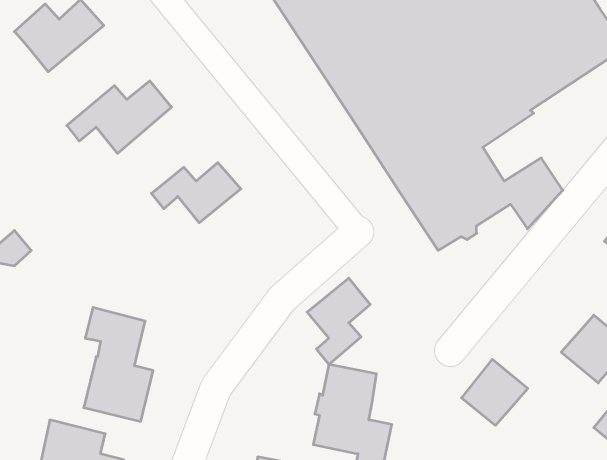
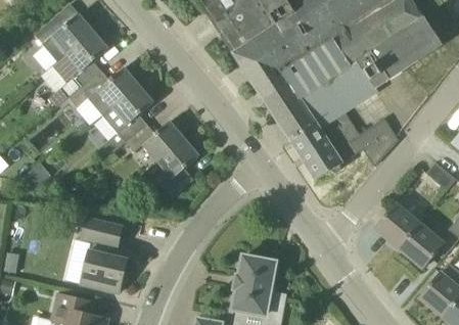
building: none -> [49,31,108,107]
building: none -> [103,85,154,142]
building: [307,278,370,364] -> [157,139,199,196]
building: [461,359,528,425] -> [375,203,419,247]

